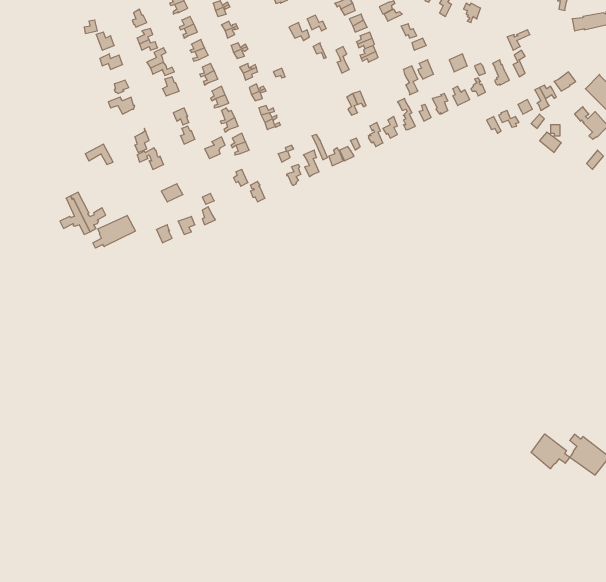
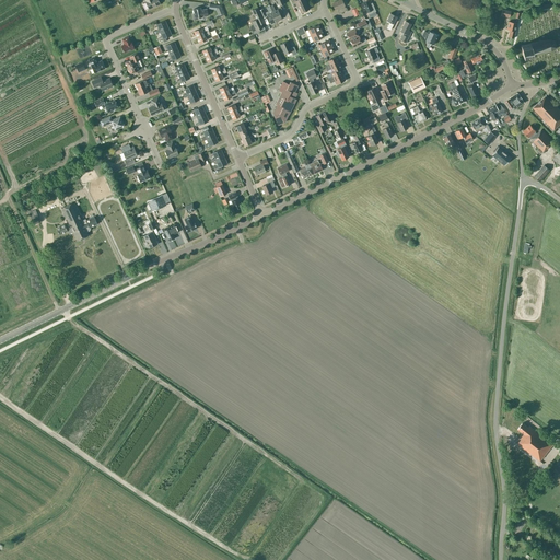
building: none -> [271,81,296,125]
building: [93,215,135,248] -> none
building: [531,434,570,469] -> none

